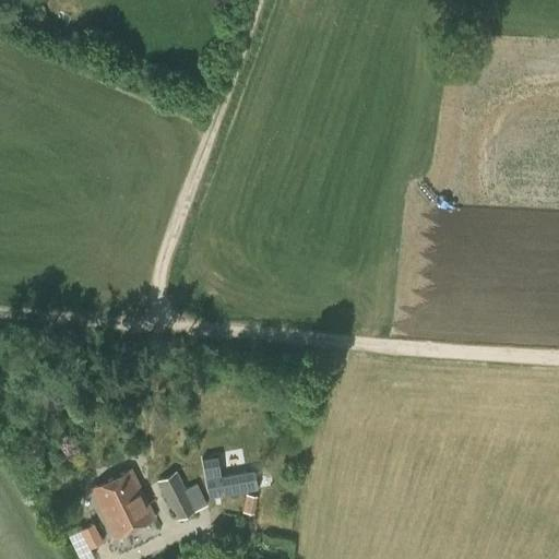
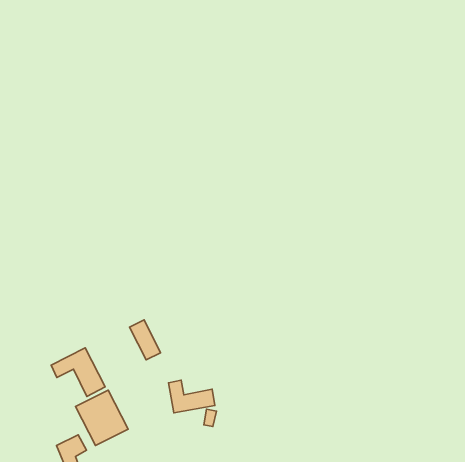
building: none -> [51,348,105,397]
building: [159,474,197,522] -> [130,320,161,360]

